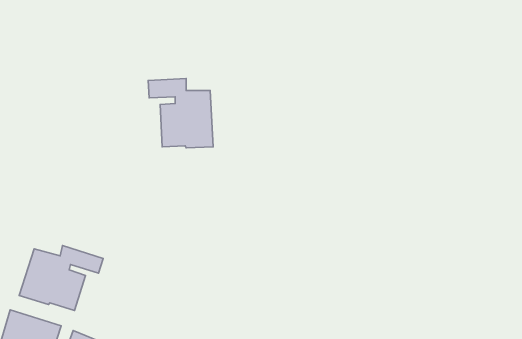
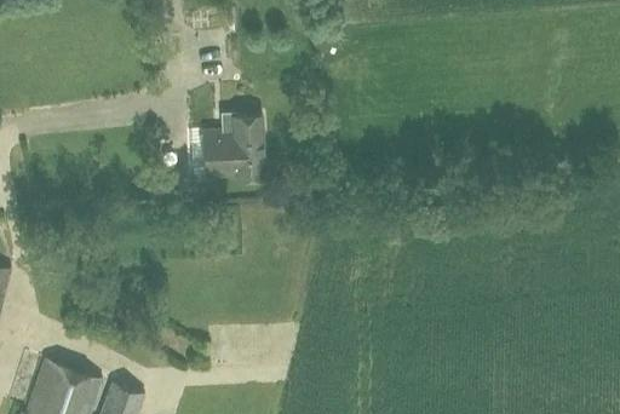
building: [19,246,103,311] -> none

